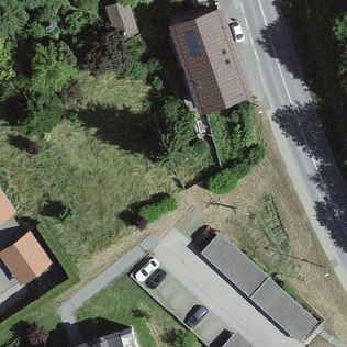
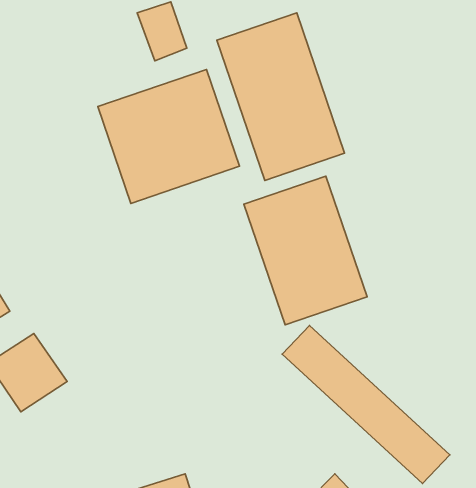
building: none -> [98,70,240,203]
building: none -> [244,176,367,325]

